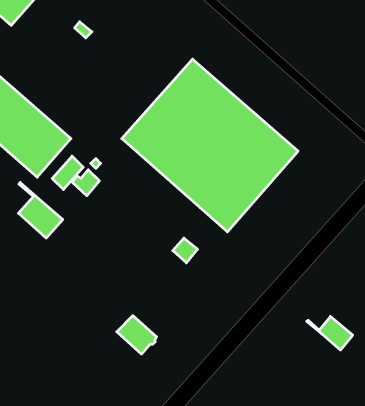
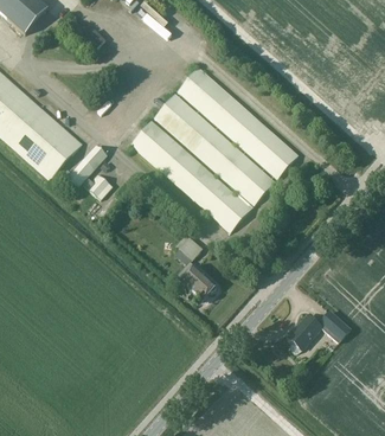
building: [18,182,63,238] -> none
building: [117,316,157,354] -> [178,264,216,301]
building: none -> [287,316,320,350]

